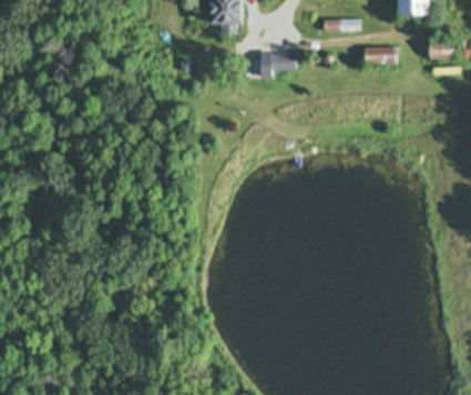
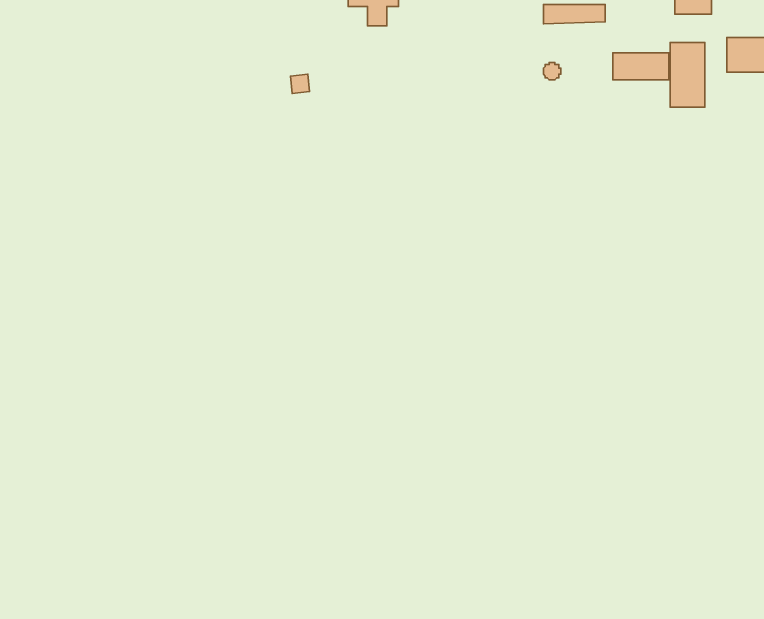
building: none -> [670,42,705,107]
building: [260,53,294,75] -> none

